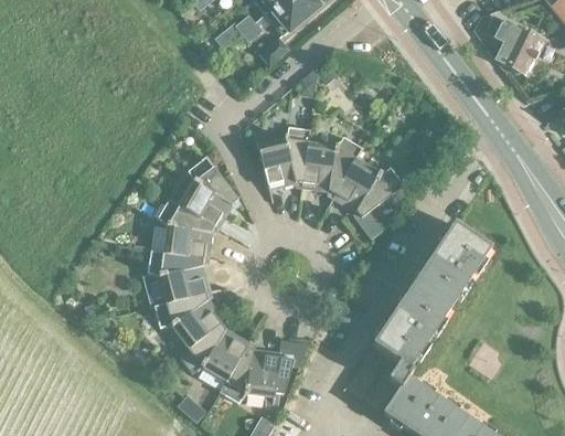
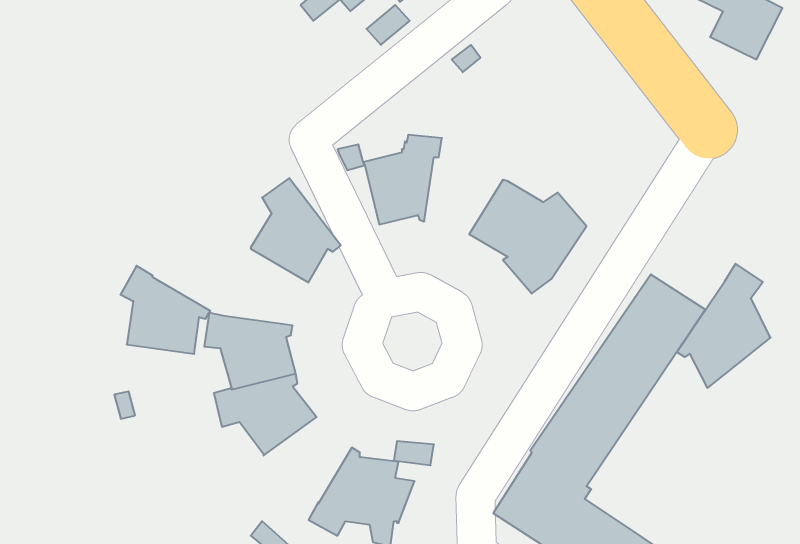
building: [299,136,363,195] -> none
building: [158,198,220,258] -> [120,266,210,354]
building: none -> [677,264,771,388]
building: [178,321,249,381] -> none

